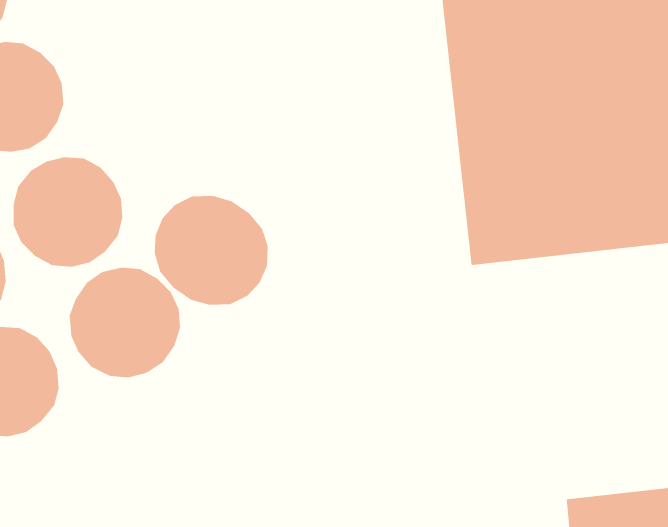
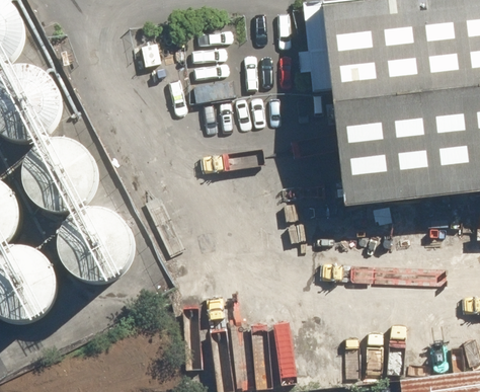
building: [154,195,268,306] -> none

